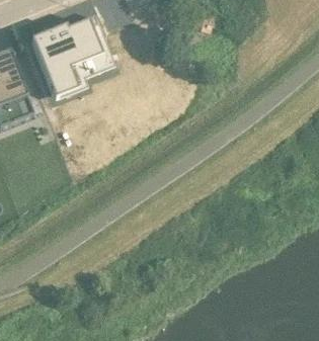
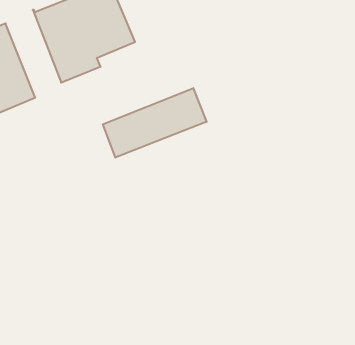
building: none -> [103,88,207,158]

